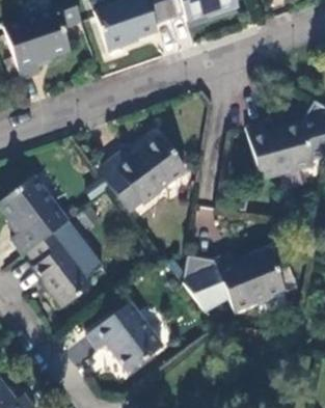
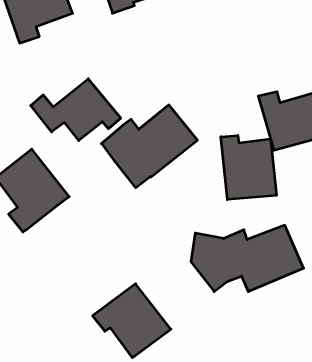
building: none -> [31,79,121,141]
building: none -> [221,135,276,200]
building: [28,229,93,305] -> none

